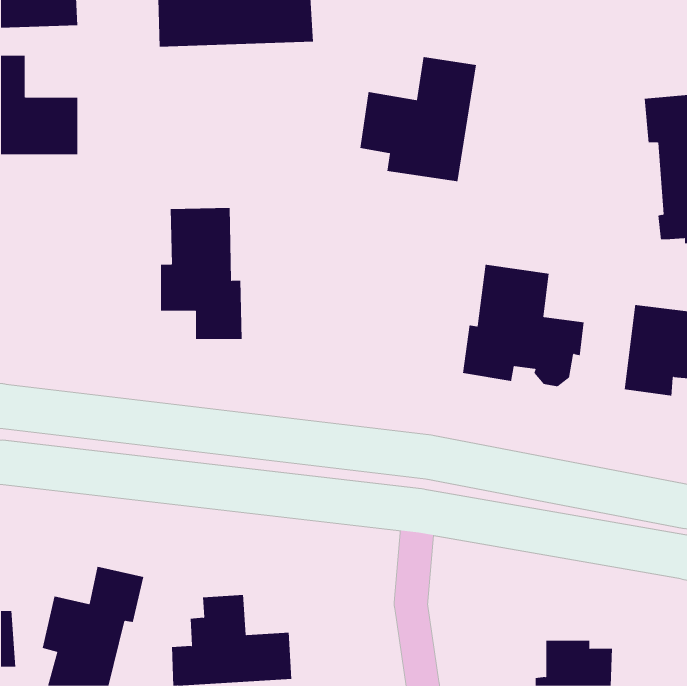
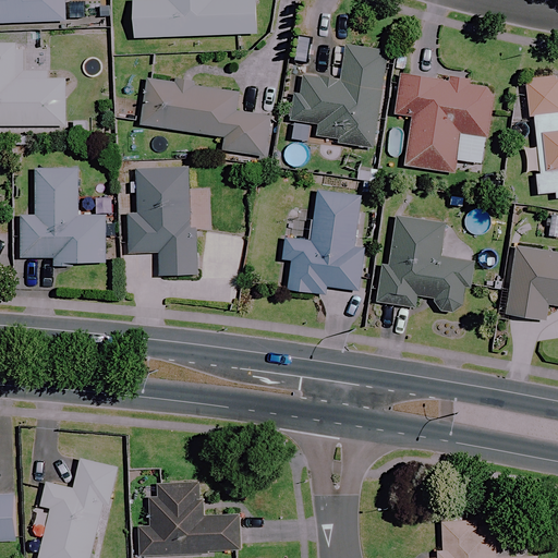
building: none -> [395,73,493,172]
building: none -> [141,80,270,157]
building: none -> [19,169,102,266]
building: none -> [275,190,363,293]

